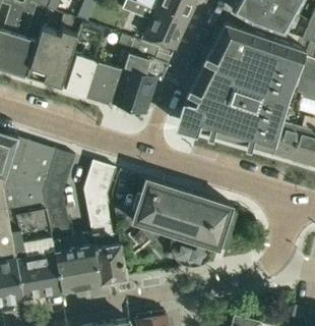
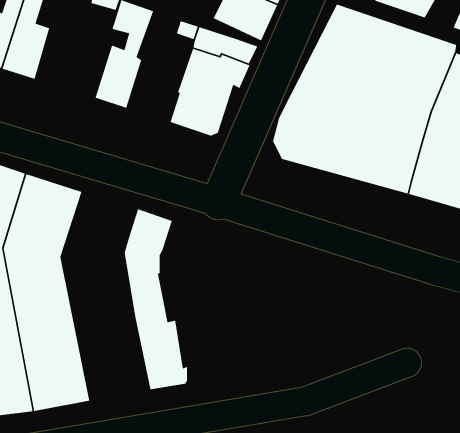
building: [25,28,77,86] -> none
building: [85,62,120,103] -> none
building: [42,150,101,289] -> none
building: [132,178,232,264] -> none

